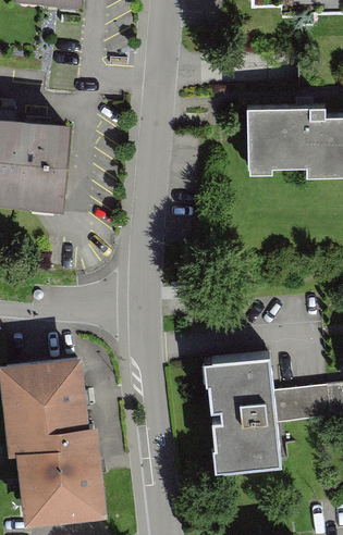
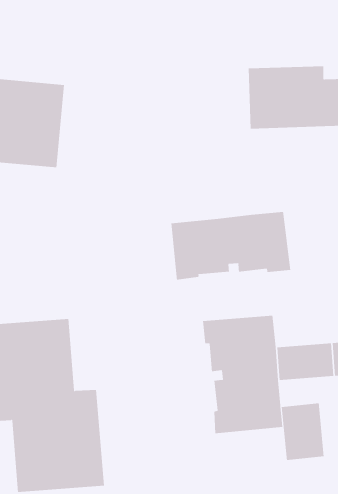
building: none -> [171,211,291,281]
building: none -> [281,402,324,461]

